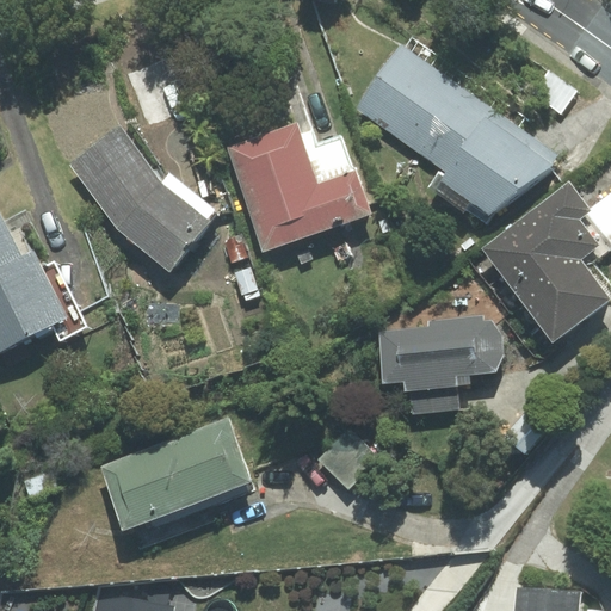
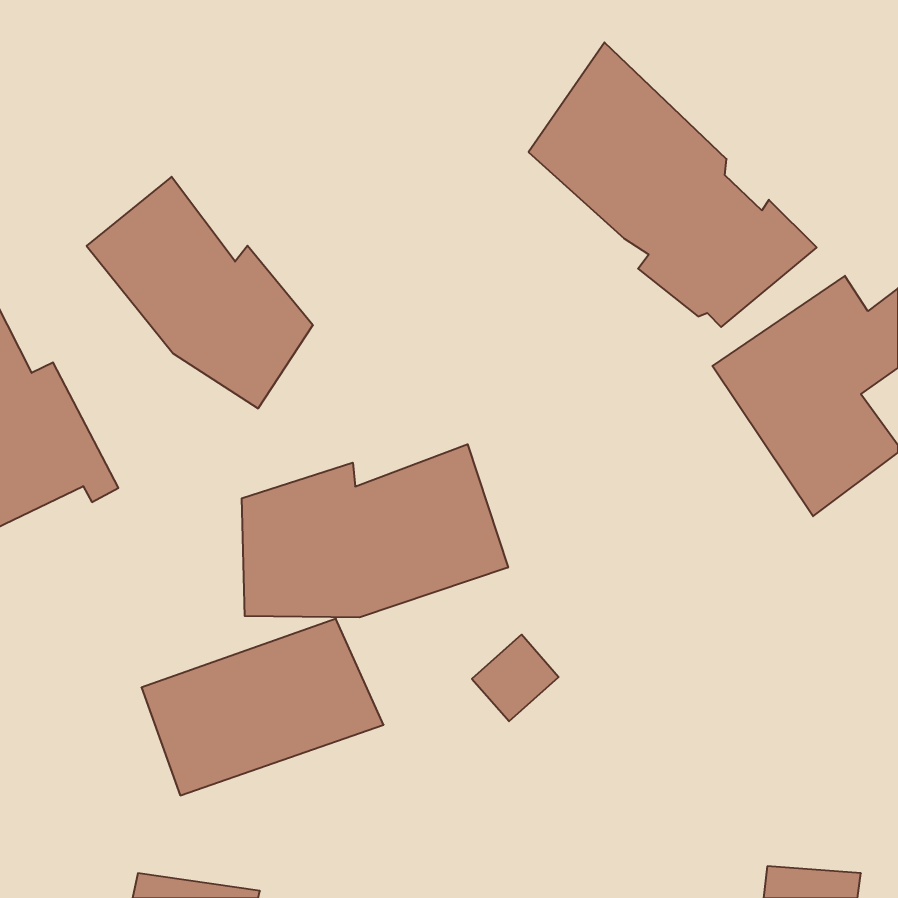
building: [228,123,371,257] -> none
building: none -> [242,444,508,617]
building: [377,313,502,394] -> none

